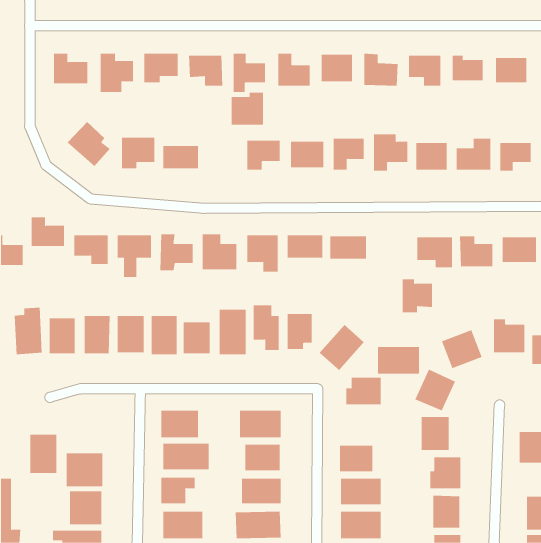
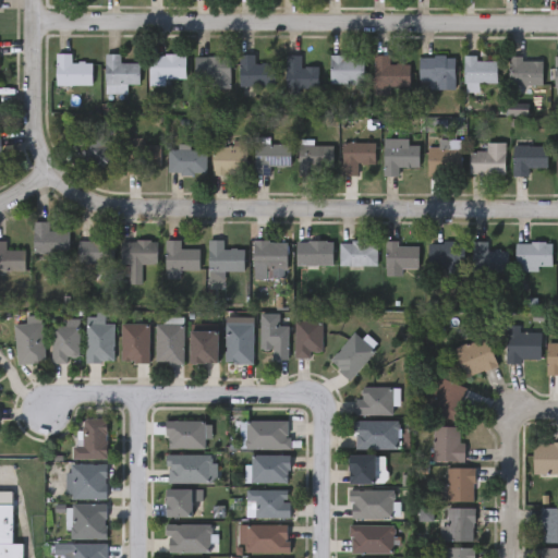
building: [231,92,264,125] -> [214,142,247,175]
building: [402,279,433,313] -> [387,241,418,276]
building: [377,347,420,374] -> [355,421,399,449]
building: [30,434,57,474] -> [80,418,108,459]

